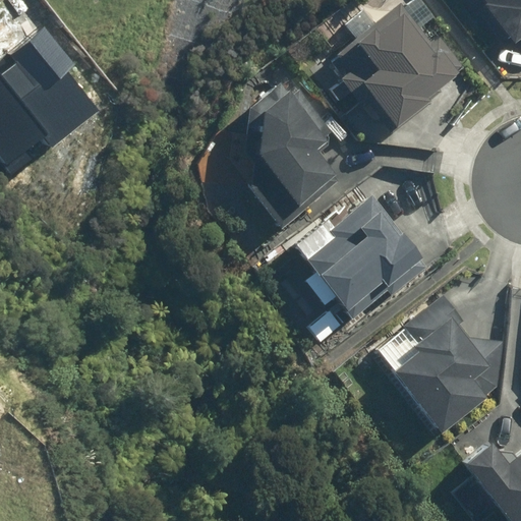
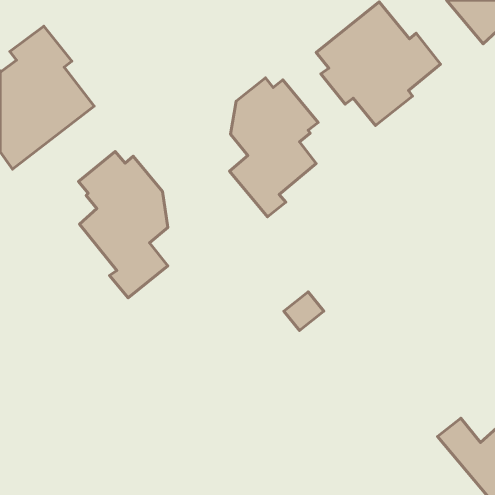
building: none -> [78,151,168,298]
building: [301,194,418,308] -> none
building: [389,295,489,430] -> none

